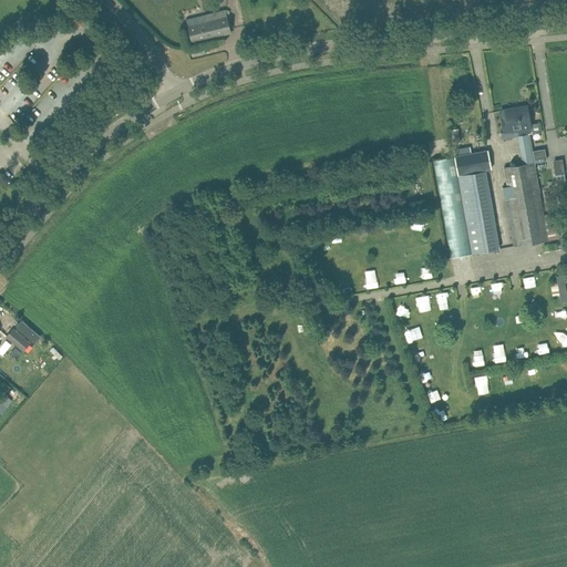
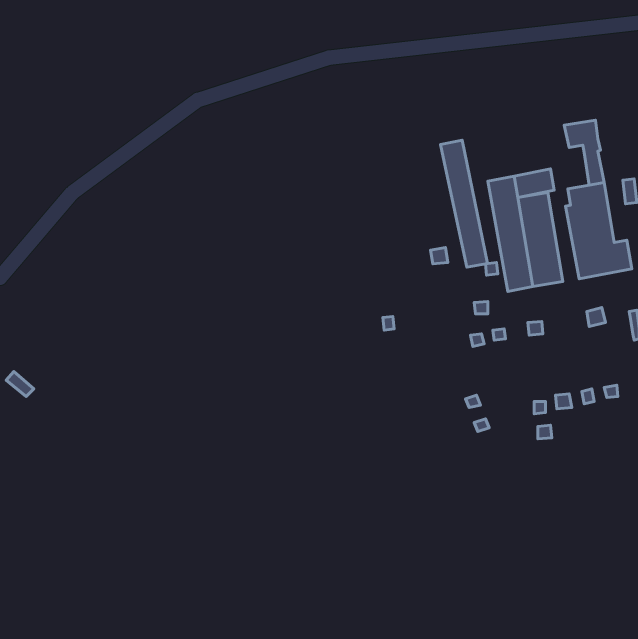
building: [188,10,231,42] -> none
building: none -> [440,140,488,267]

